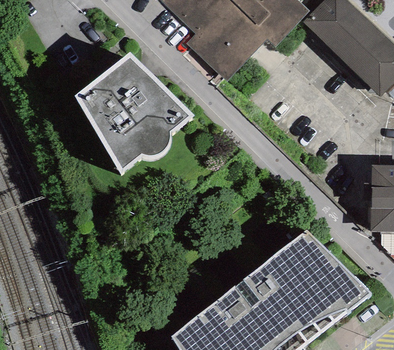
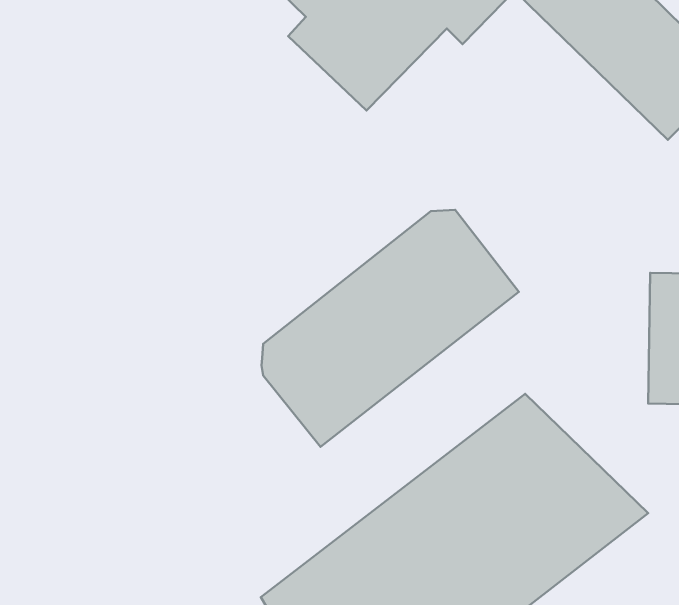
building: [75,47,192,165] -> none
building: none -> [262,210,519,447]

